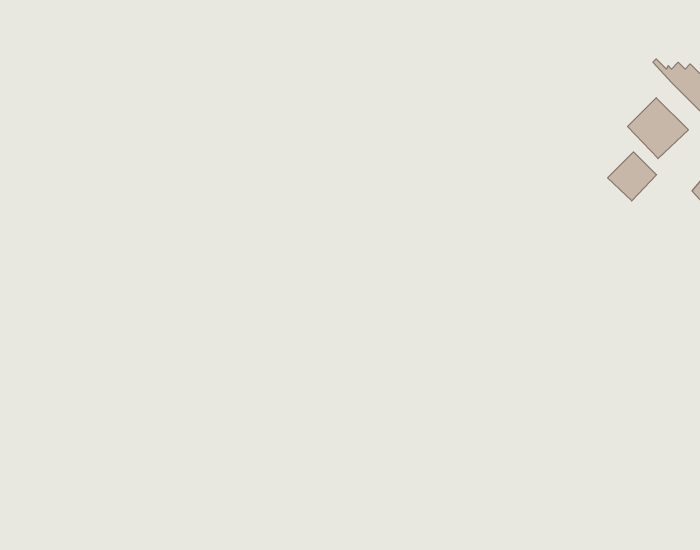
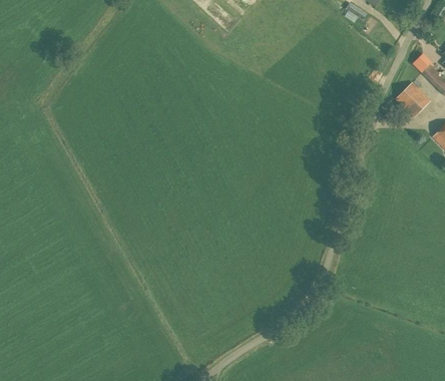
building: [608,152,657,201] -> none

